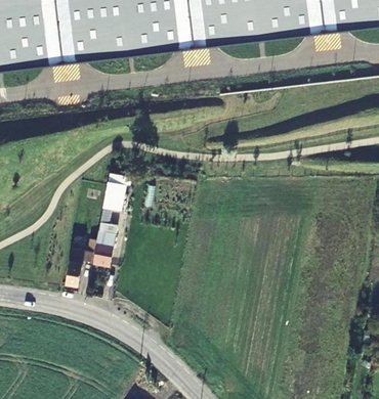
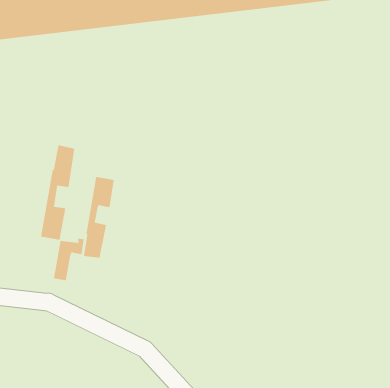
building: none -> [41,144,75,240]

